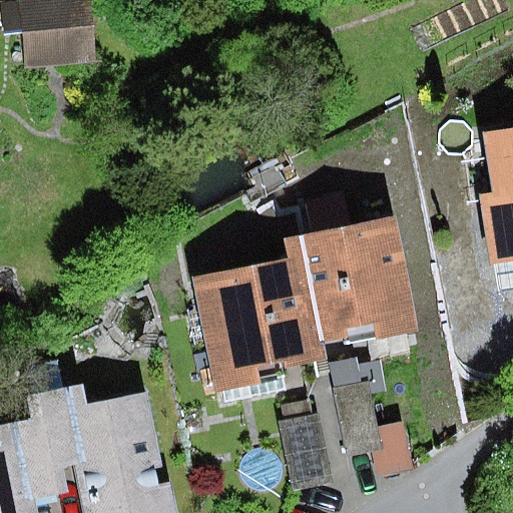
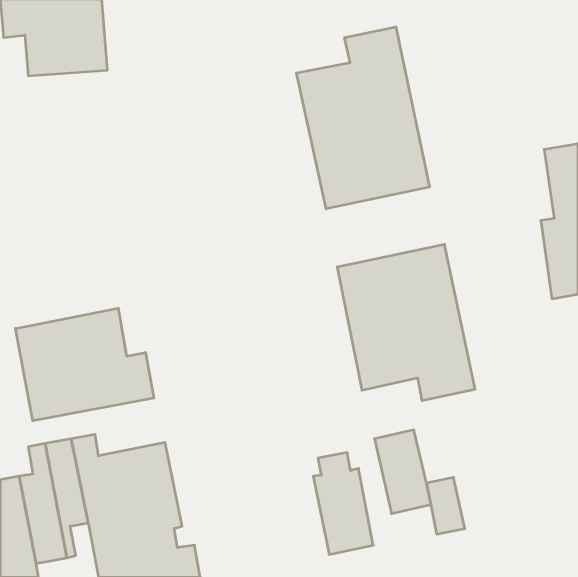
building: none -> [296,27,430,209]
building: [192,254,323,392] -> none
building: none -> [15,308,154,421]

